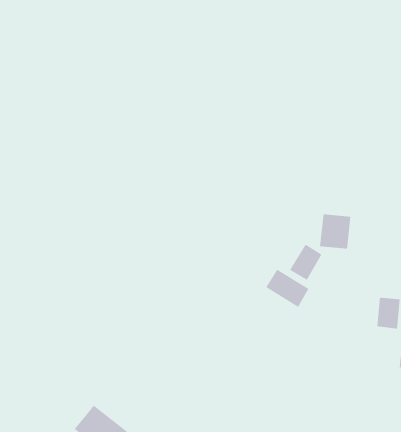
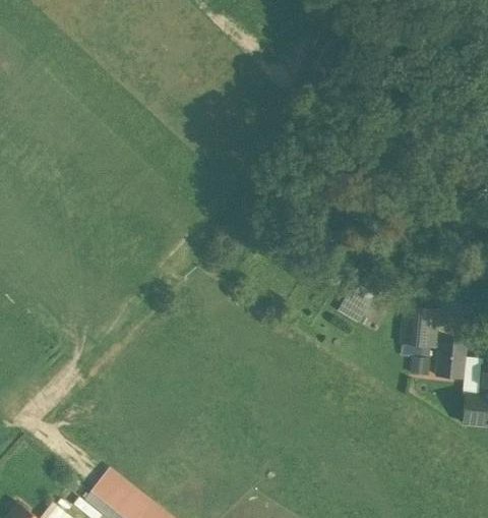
building: [319,214,351,249] -> [400,309,436,350]
building: [265,269,309,308] -> none

